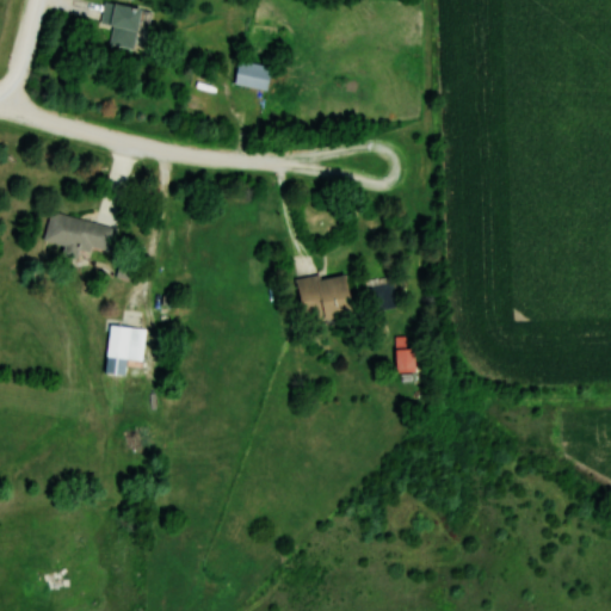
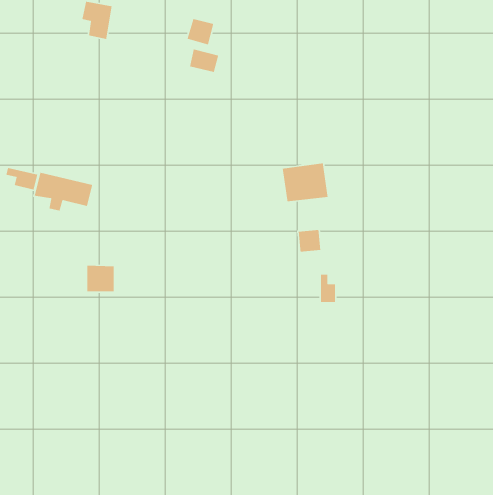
building: none -> [187,18,214,45]
building: none -> [5,167,38,190]
building: [296,273,353,322] -> [282,162,329,202]

